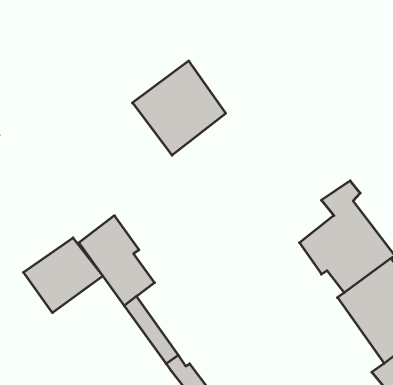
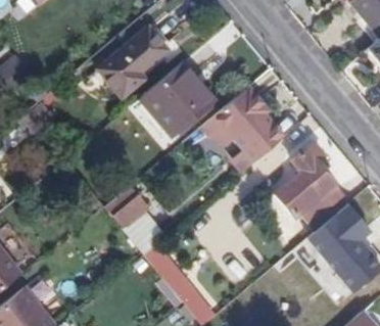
building: none -> [100,27,165,94]
building: none -> [206,87,282,168]
building: [23,238,103,313] -> none

